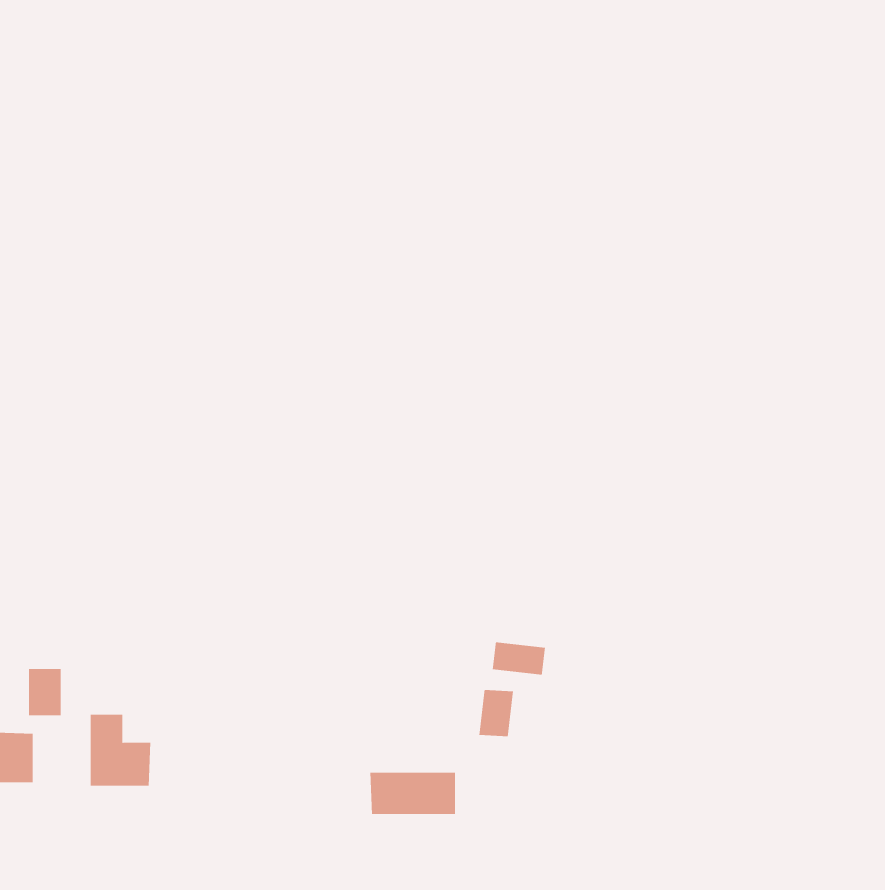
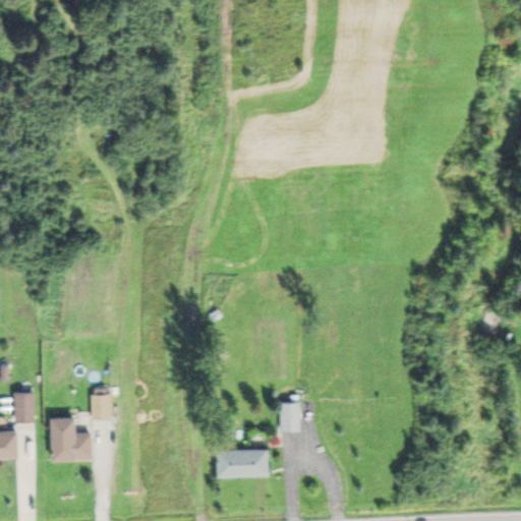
building: [492,641,545,675] -> none
building: none -> [91,395,106,419]

